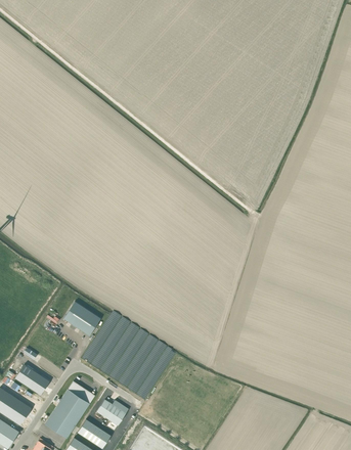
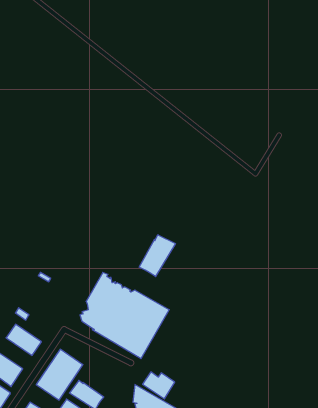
building: none -> [139,235,175,277]
building: [63,302,100,335] -> none
building: [96,399,128,425] -> [143,372,175,399]

